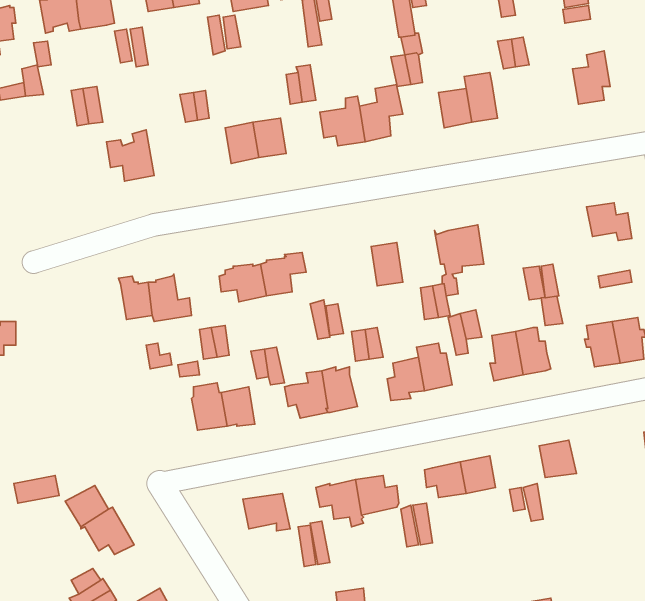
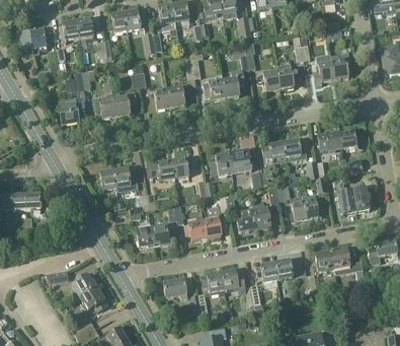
building: none -> [313,55,335,84]
building: none -> [113,90,136,115]
building: none -> [60,97,79,124]
building: none -> [316,131,342,150]
building: none -> [284,136,306,160]
building: none -> [210,151,232,175]
building: none -> [330,248,364,277]

